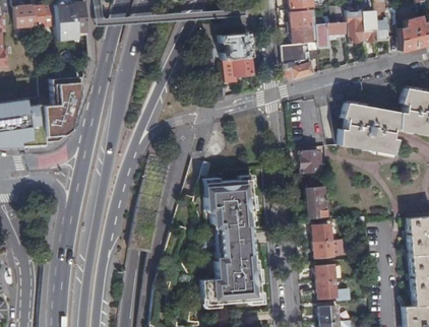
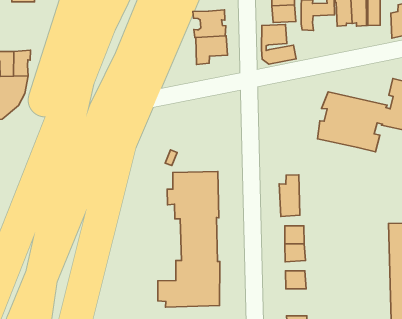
building: [299,150,321,174] -> none
building: [317,281,351,302] -> none

